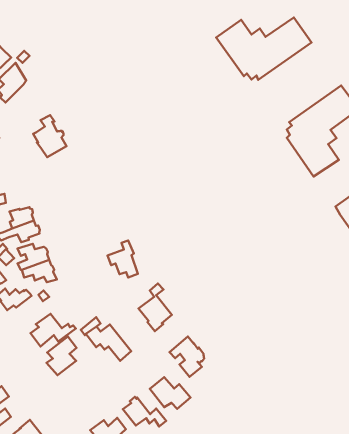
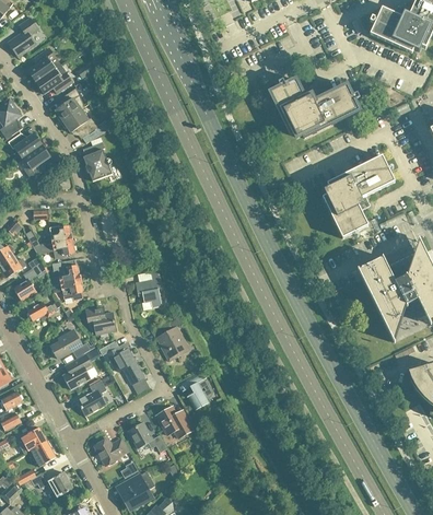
building: none -> [61,108,98,138]
building: none -> [85,306,116,333]
building: none -> [77,379,107,415]

